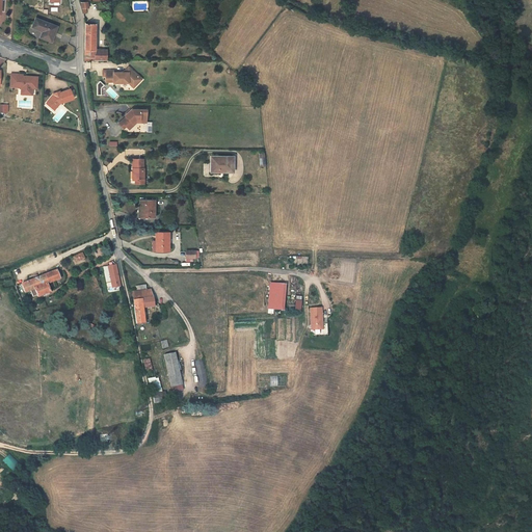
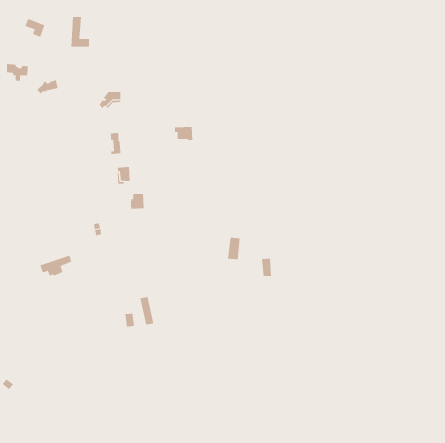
building: [99,69,138,86] -> none
building: [22,269,60,295] -> [40,255,72,277]
building: [134,289,156,324] -> none

